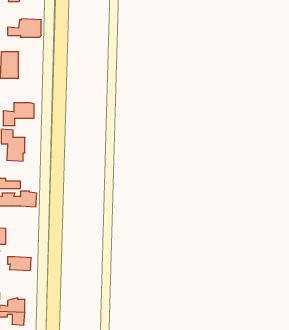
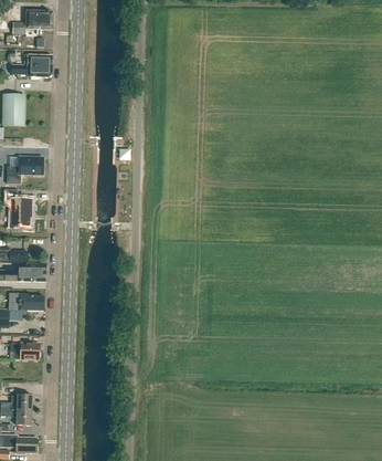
building: none -> [11,293,43,311]

